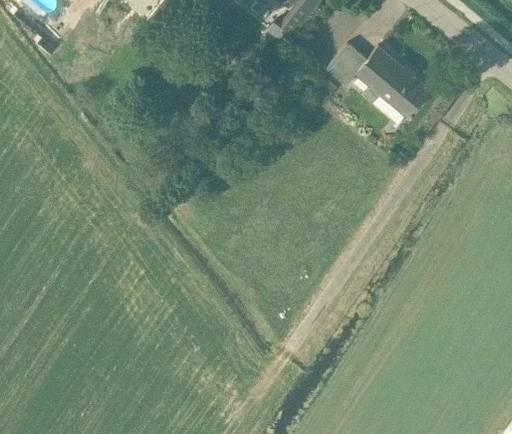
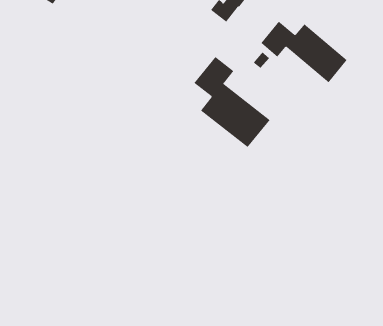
building: none -> [194,56,270,148]

